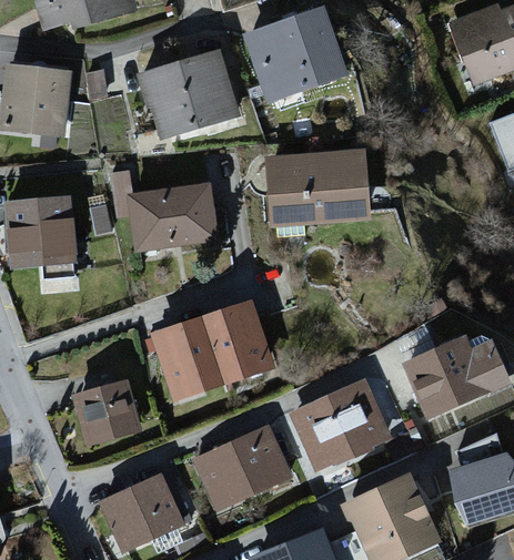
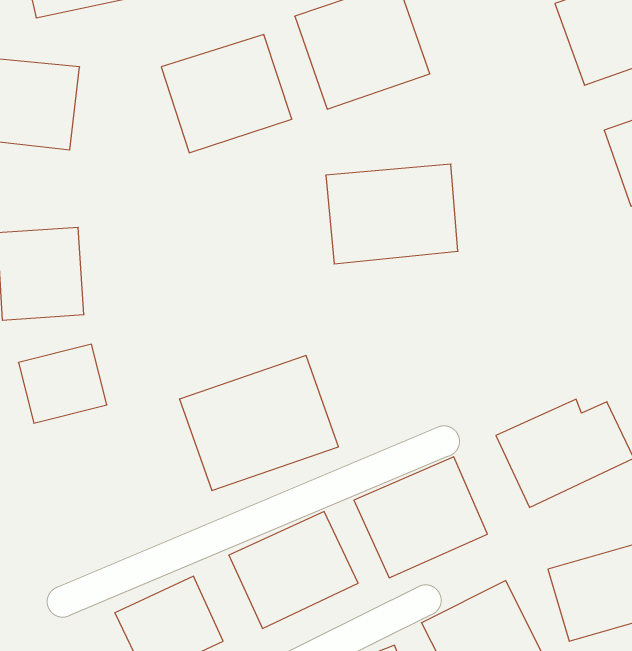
building: [123,181,215,250] -> none
building: [71,383,141,445] -> [18,344,107,423]

